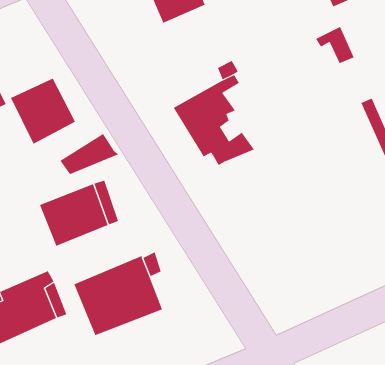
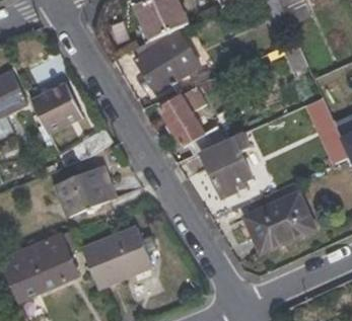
building: none -> [134,27,191,93]
building: none -> [202,131,254,196]
building: none -> [249,195,313,249]

